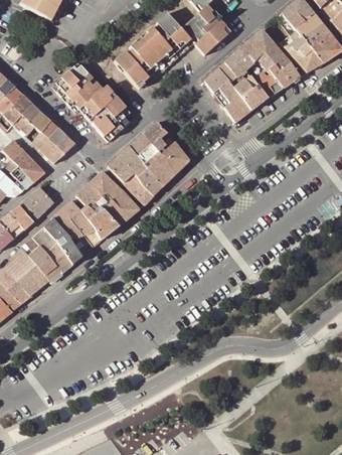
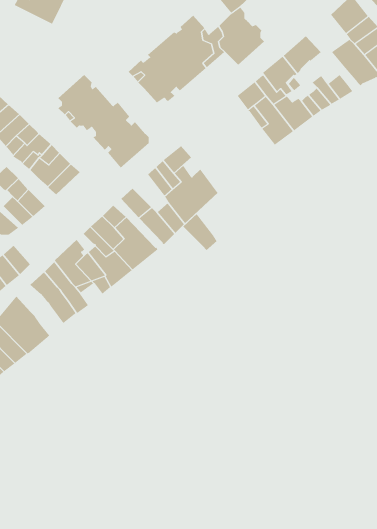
building: [258,44,290,70] -> none
building: [118,146,147,177] -> [182,213,217,251]
building: [19,186,54,220] -> none
building: [21,238,60,280] -> none

